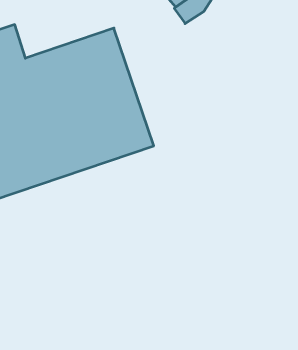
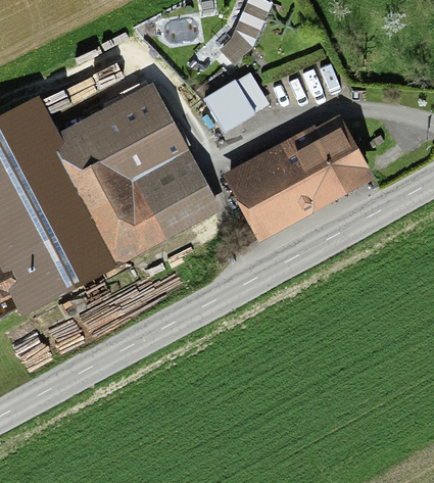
building: none -> [202,71,269,134]
building: none -> [223,114,375,242]

